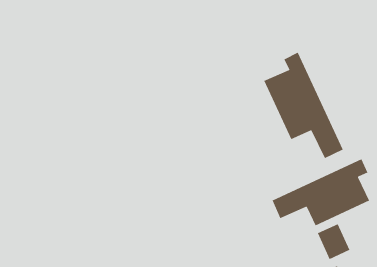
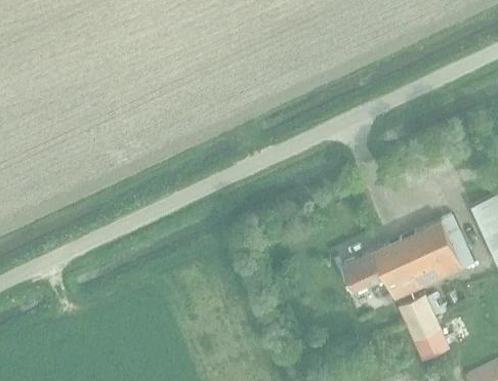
building: [263,52,344,159] -> none

